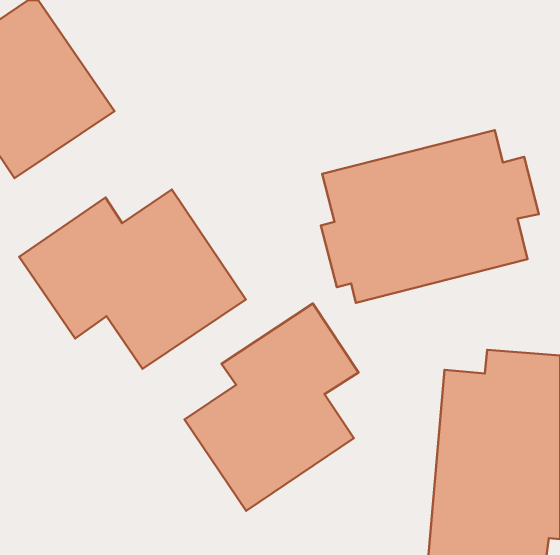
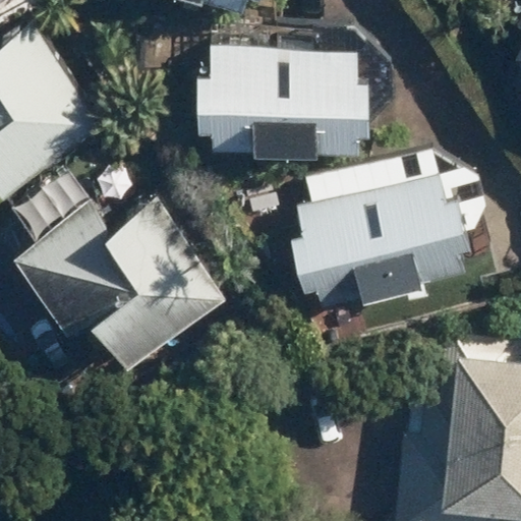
building: none -> [198,37,375,142]
building: [184,303,358,511] -> none

